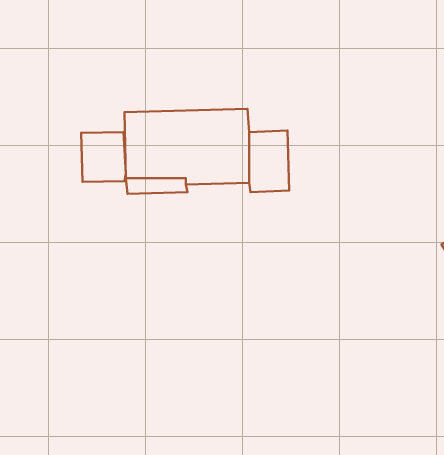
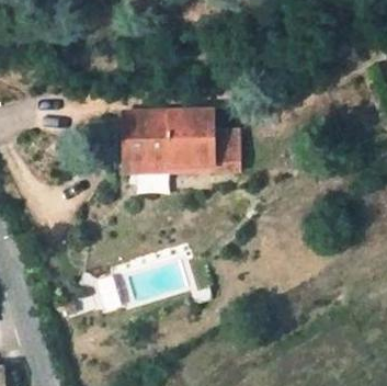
building: [81,132,126,182] -> none

